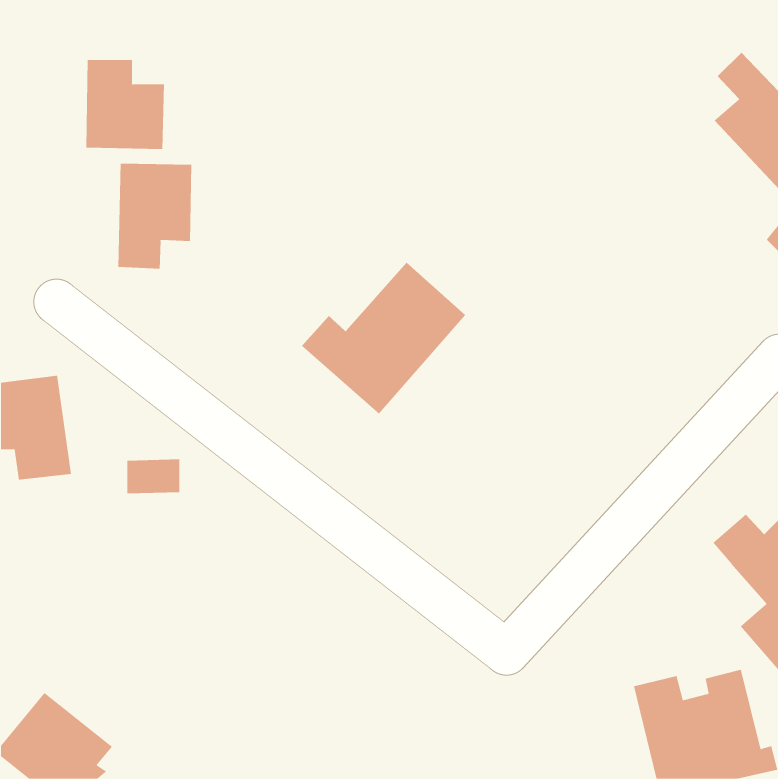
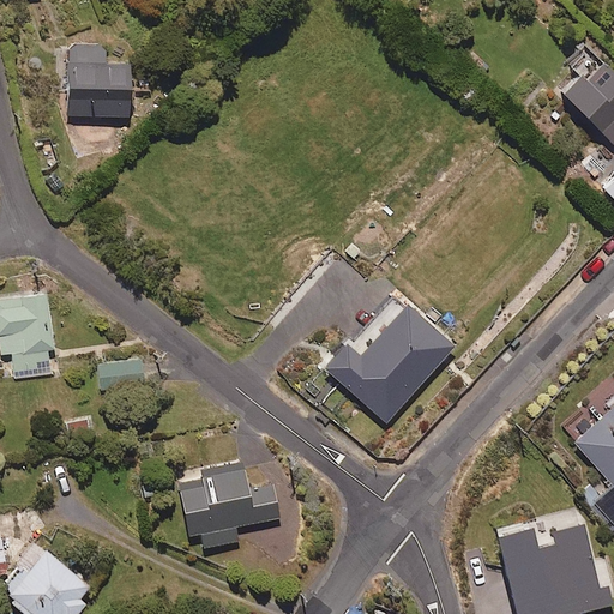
building: [118,163,192,269] -> none
building: [301,262,466,414] -> [326,305,456,425]
building: none -> [179,462,279,549]

